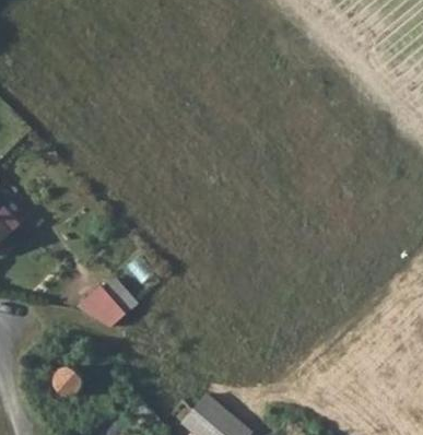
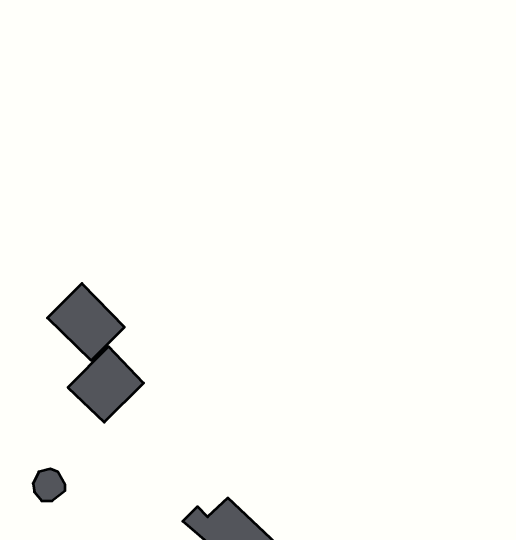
building: none -> [47,283,124,360]

